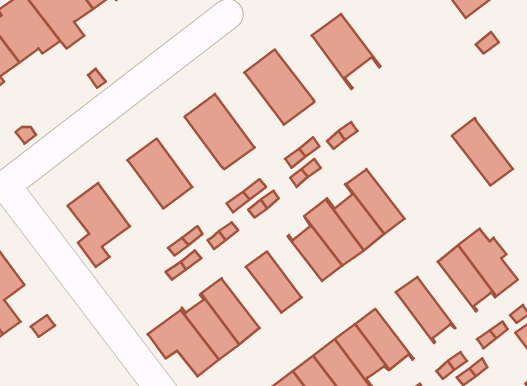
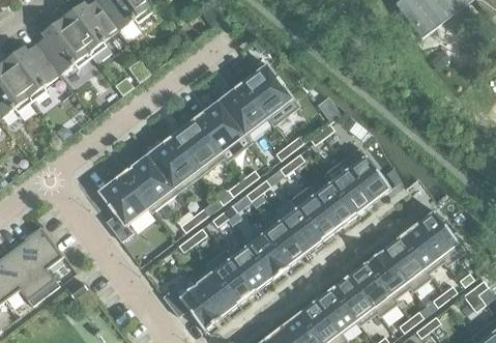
building: [312,14,380,89] -> [217,83,273,144]
building: none -> [170,119,222,176]
building: [452,118,513,185] -> [341,147,390,202]
building: none -> [122,154,175,212]
building: none -> [260,217,304,266]
building: none -> [382,237,430,291]
building: none -> [223,241,271,291]
building: none -> [348,262,396,316]

